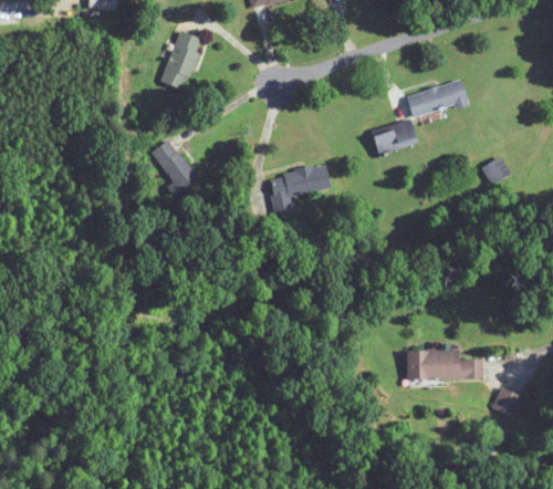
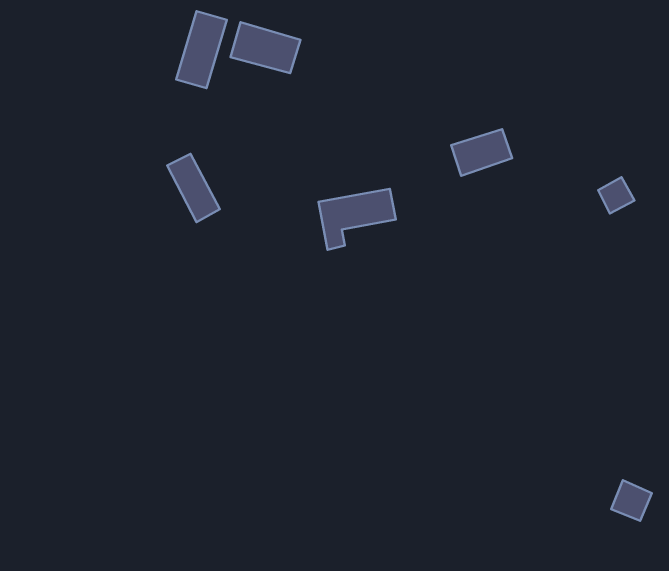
building: none -> [230,22,300,73]
building: [407,81,466,117] -> none
building: [407,350,483,381] -> none

